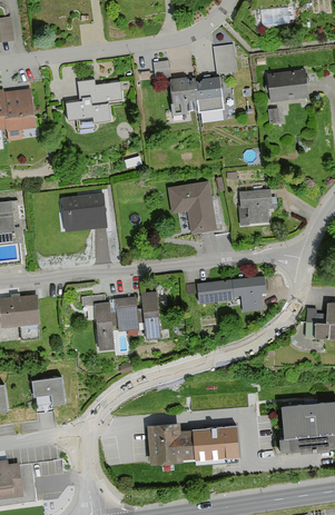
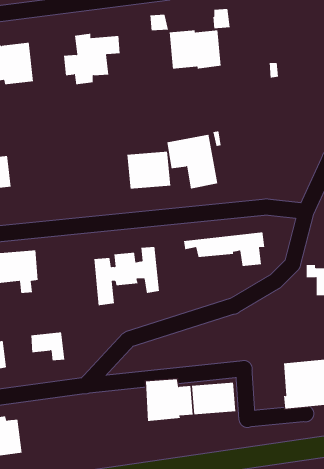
building: [265,70,309,101] -> none
building: [238,190,273,225] -> none
building: [62,194,107,231] -> [126,151,171,189]

